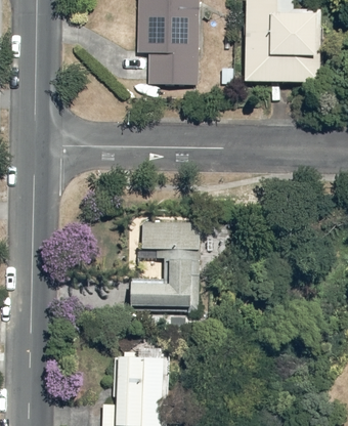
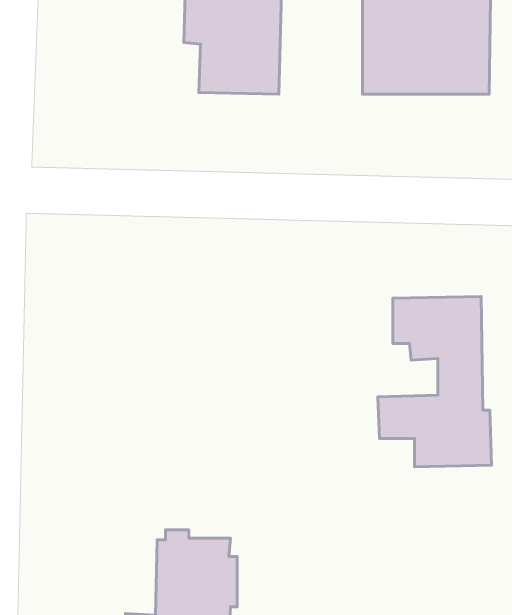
building: [134,222,204,327] -> [378,297,491,467]

